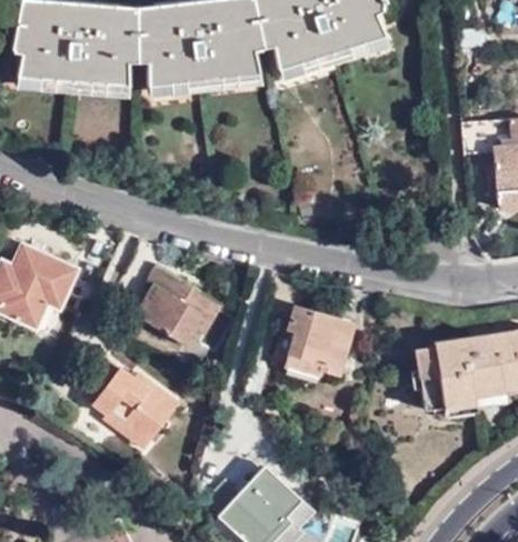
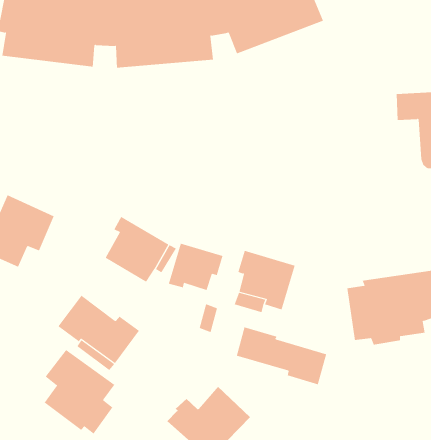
building: none -> [168,243,223,291]
building: none -> [236,327,327,385]
building: none -> [44,349,115,434]

